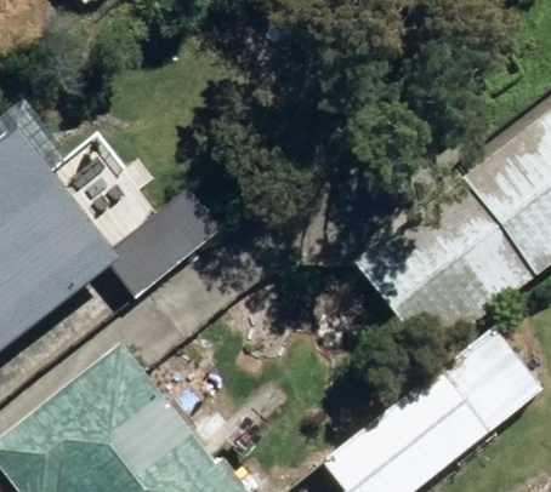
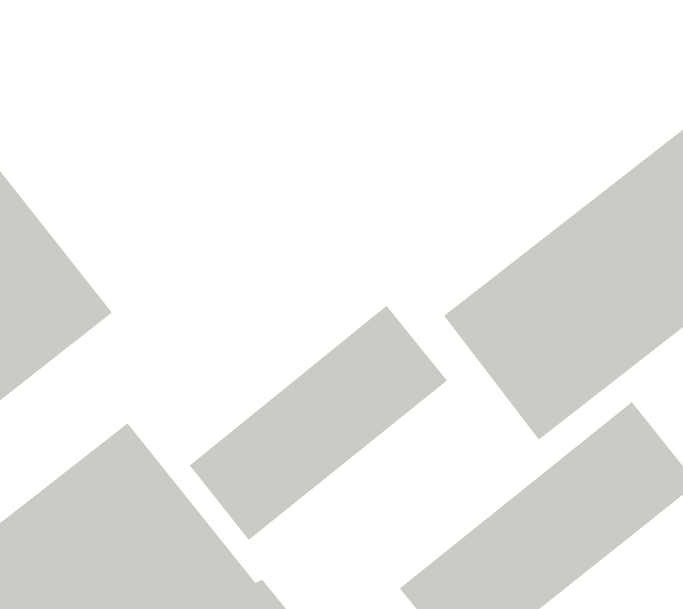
building: none -> [189,305,448,541]

